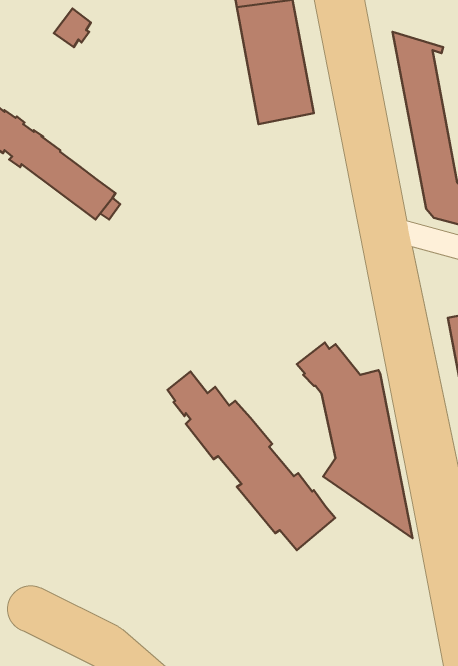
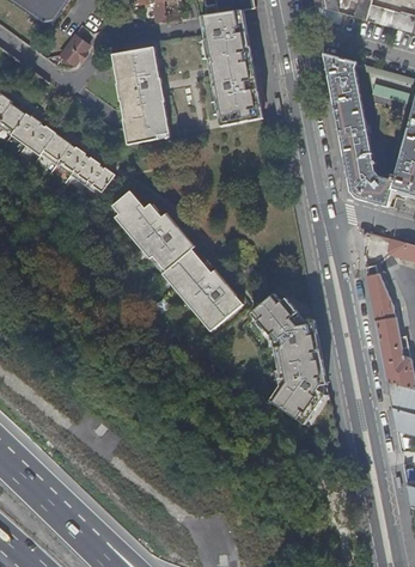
building: none -> [114,47,165,141]
building: [167,372,335,550] -> [111,188,242,327]

